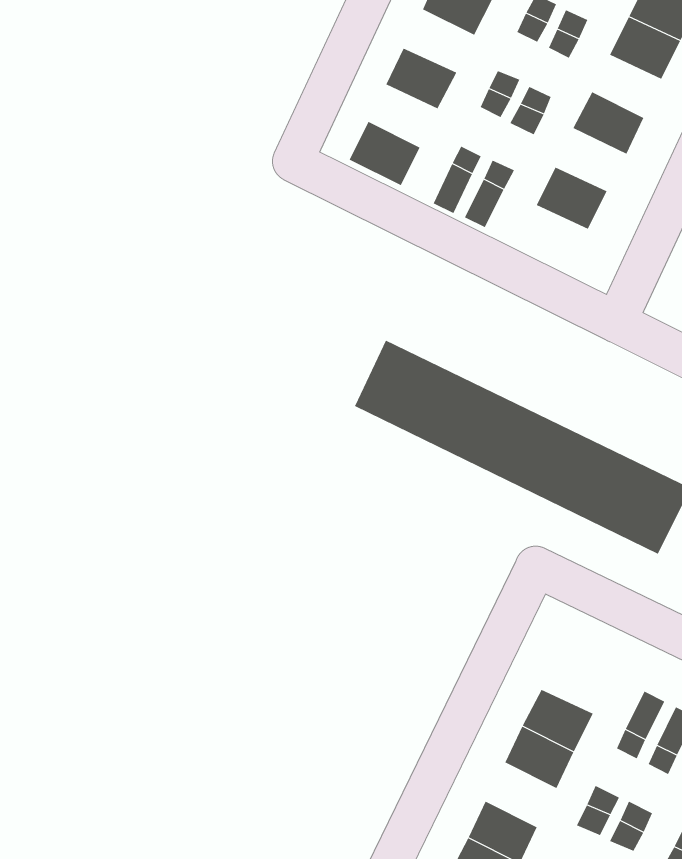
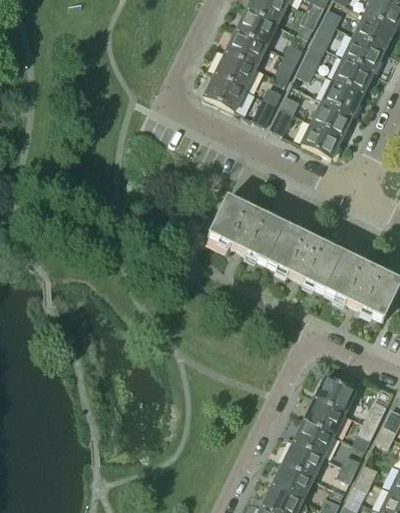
building: none -> [236,8,277,44]
building: none -> [344,34,384,70]
building: none -> [216,51,256,87]
building: none -> [323,76,364,112]
building: none -> [301,120,342,157]
building: none -> [315,371,361,412]
building: none -> [283,440,324,477]

